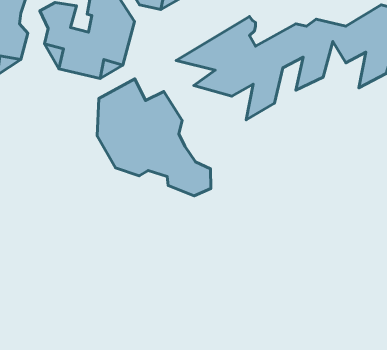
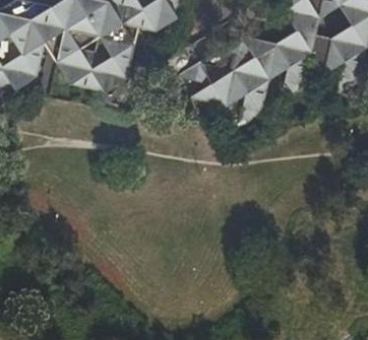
building: [97,79,211,196] -> none

